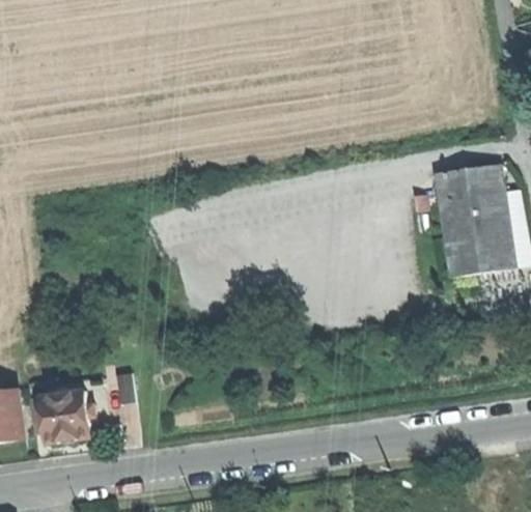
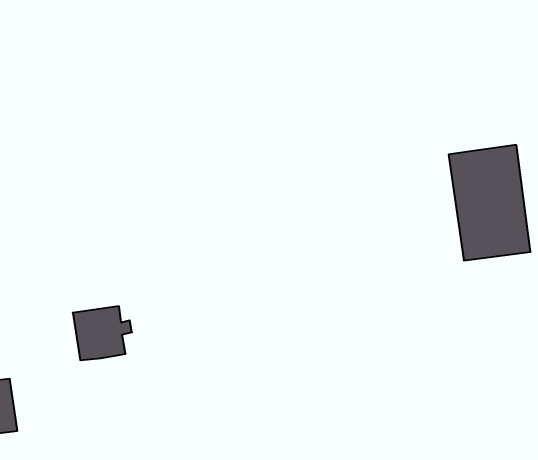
building: [39,390,96,442] -> [73,306,132,360]

